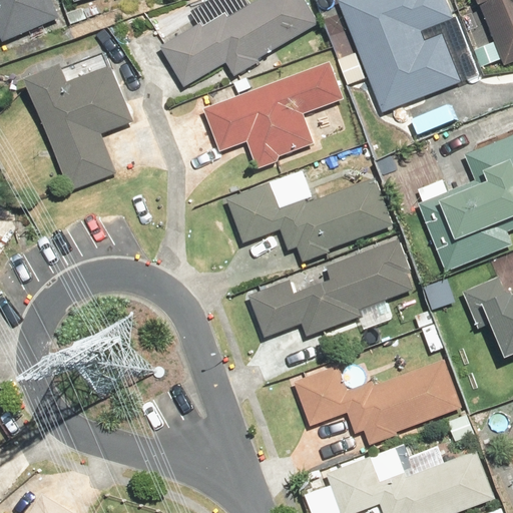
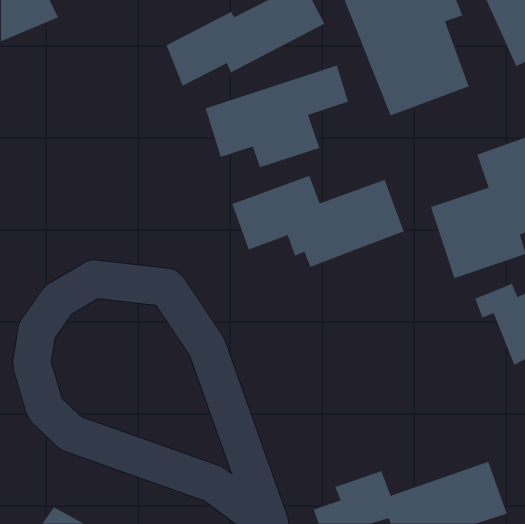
building: [20,62,133,191] -> none
building: [248,239,419,337] -> none
building: [291,362,459,457] -> none

